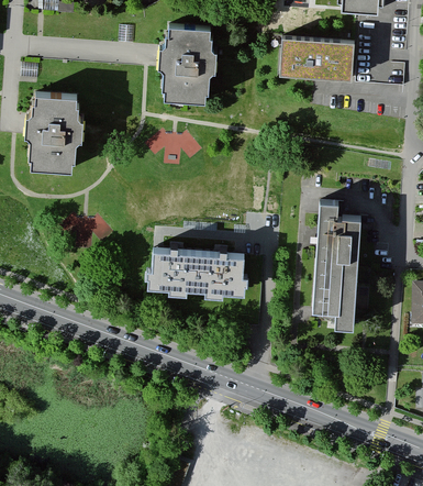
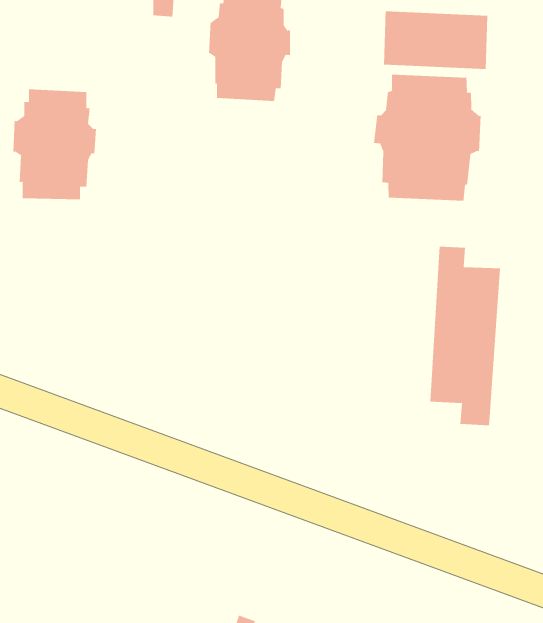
building: none -> [374,74,481,202]
building: [146,246,248,296] -> none

